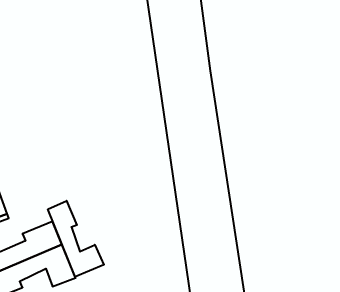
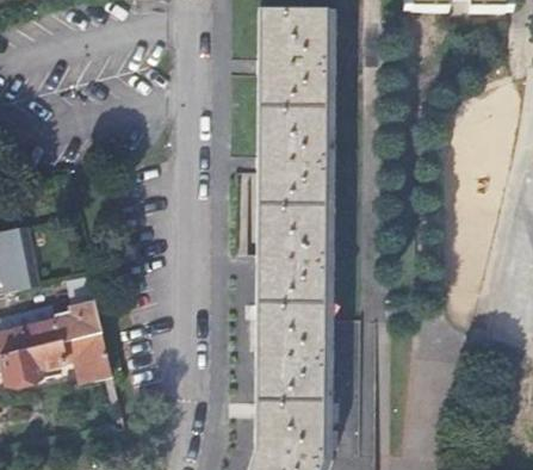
building: [48,201,104,277] -> none

